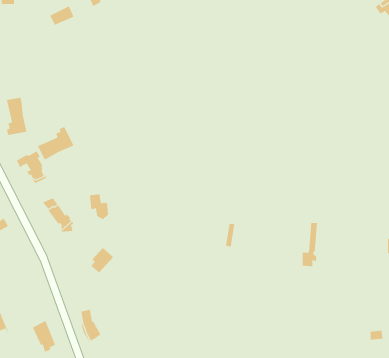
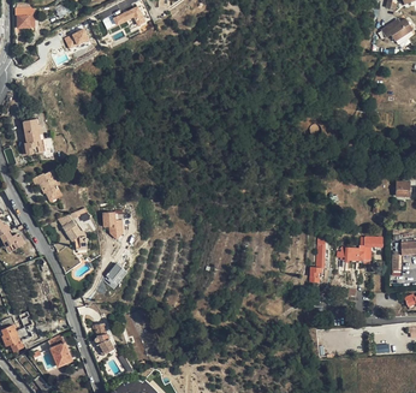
building: [37,126,74,160] -> none
building: none -> [340,238,382,261]

